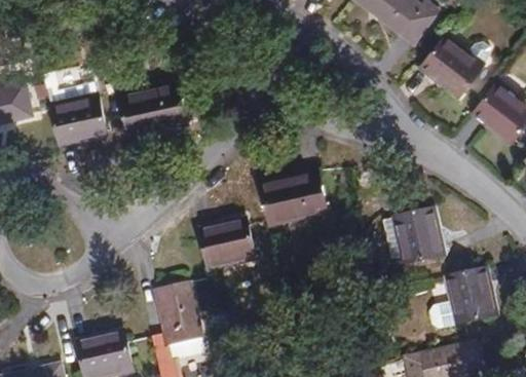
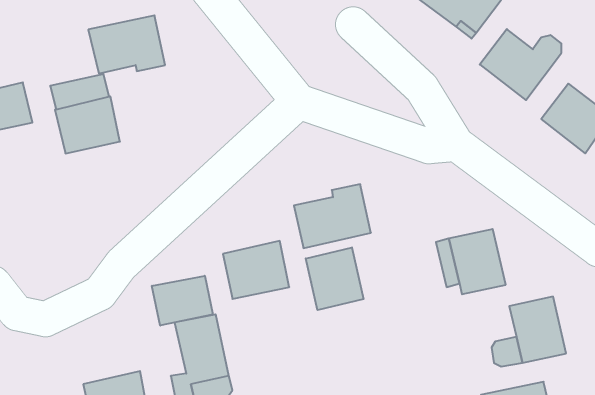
building: [119,81,186,131] -> [88,15,165,73]
building: none -> [306,247,364,310]
building: none -> [152,276,213,326]

